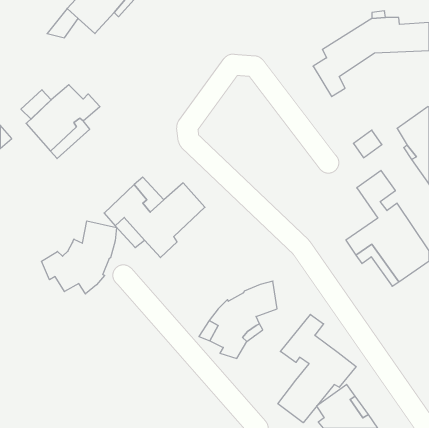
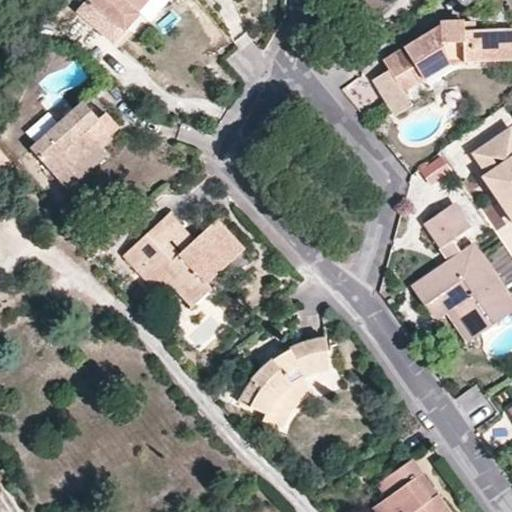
building: [41,221,117,294] -> none
building: [278,314,356,423] -> none

